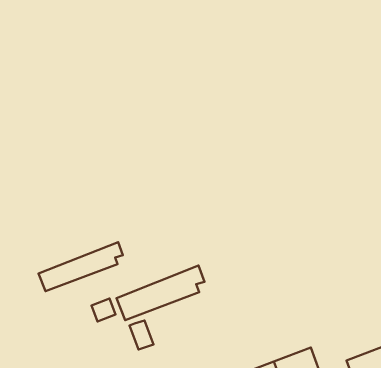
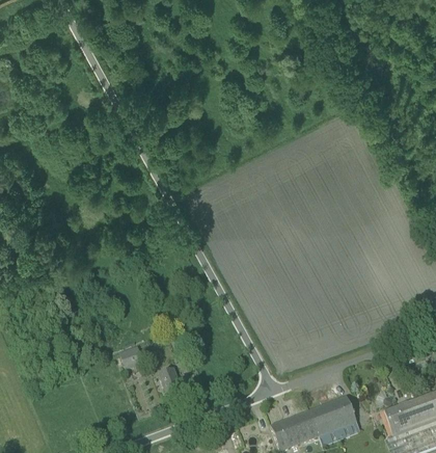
building: [39,242,123,291] -> none
building: [116,266,204,320] -> none

